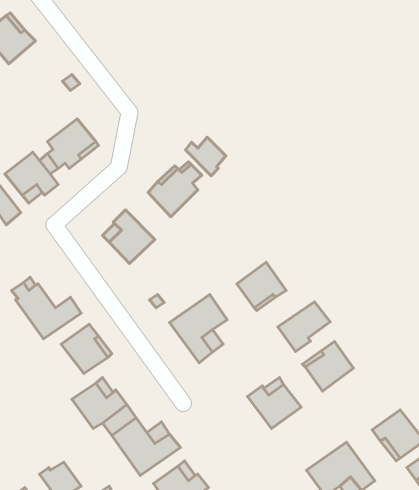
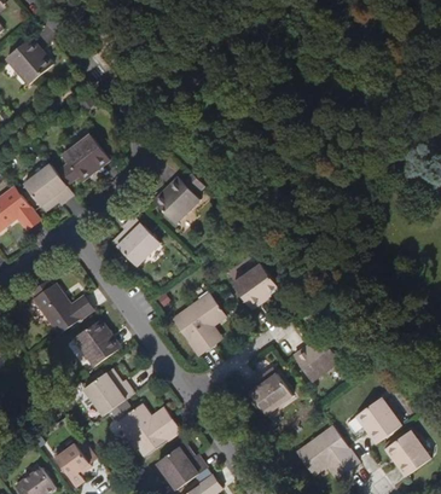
building: [185,137,226,176] -> none
building: [278,302,330,351] -> none

